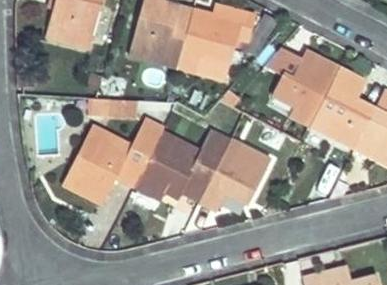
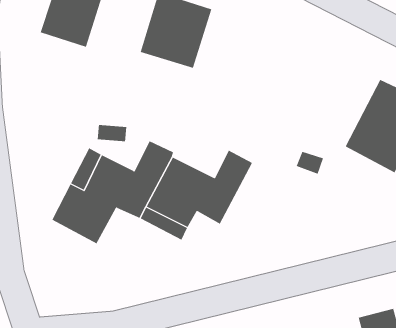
building: [175,6,256,74] -> none
building: [265,50,337,127] -> none
building: [197,137,269,209] -> none

